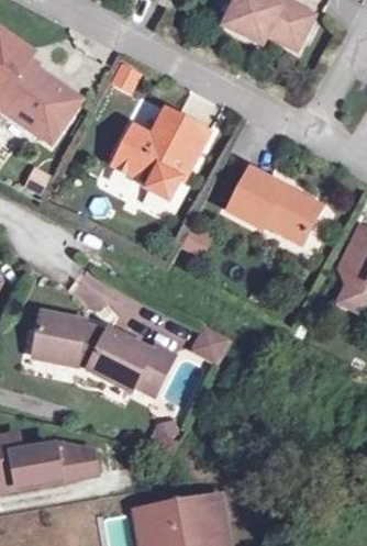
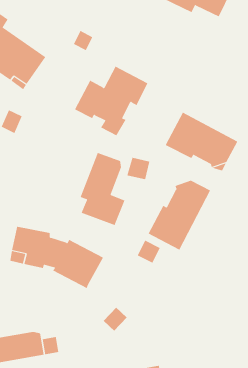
building: none -> [80,152,125,226]
building: none -> [148,180,211,250]
building: [133,345,174,395] -> none

